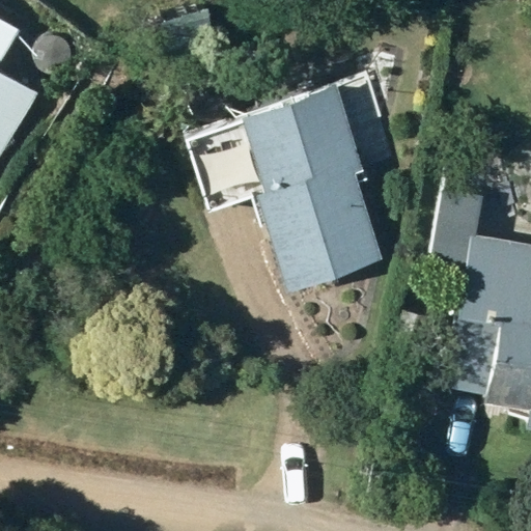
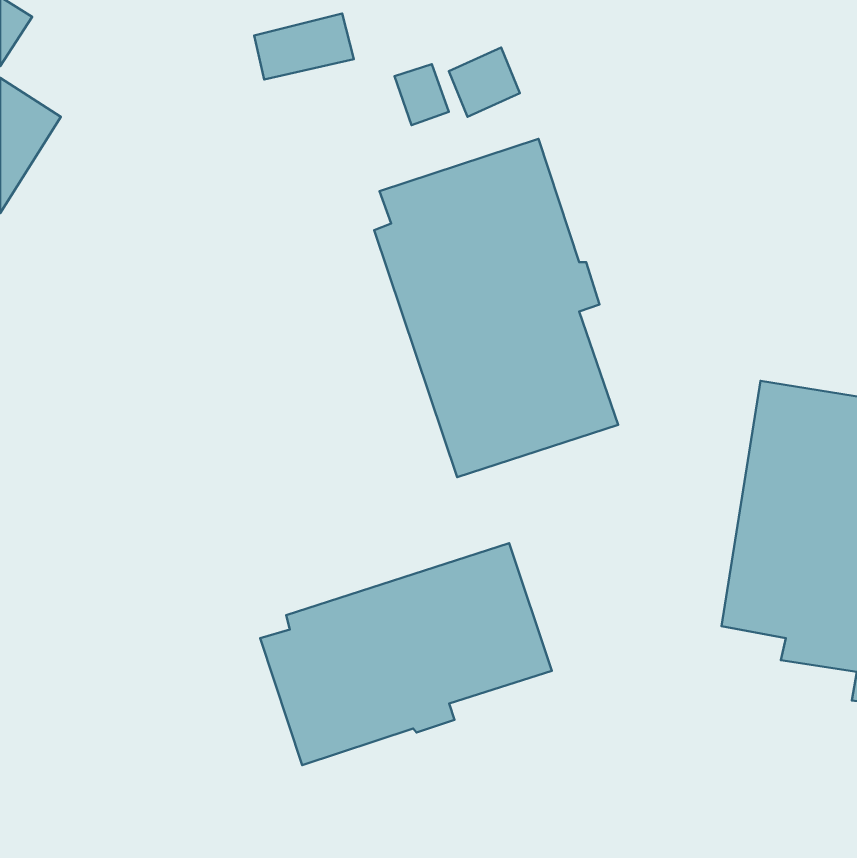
building: none -> [260,543,552,765]

